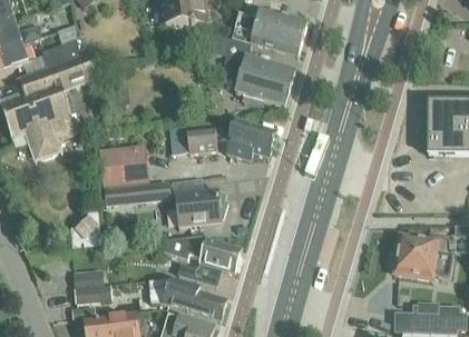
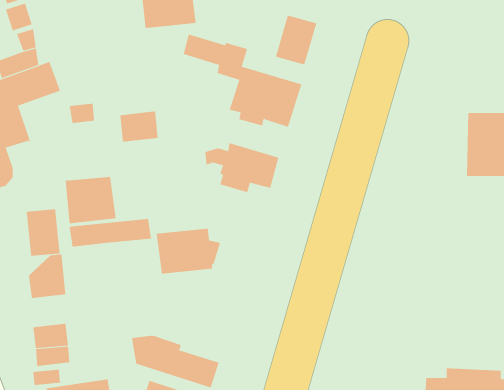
building: [231,8,282,49] -> none
building: [184,127,216,152] -> [119,111,159,142]
building: none -> [26,209,60,256]
building: [393,235,452,278] -> none
building: [163,236,241,287] -> none

